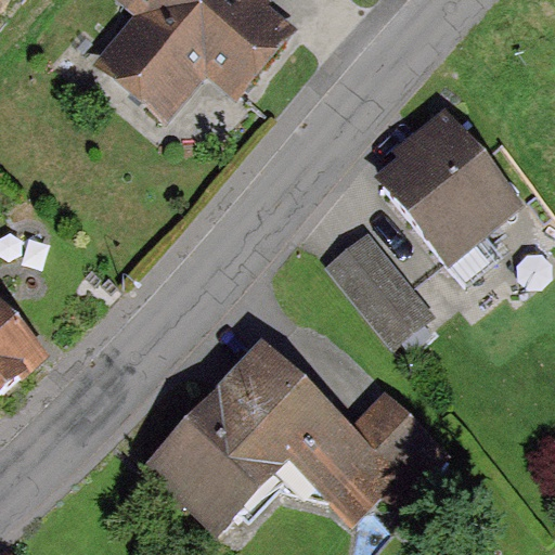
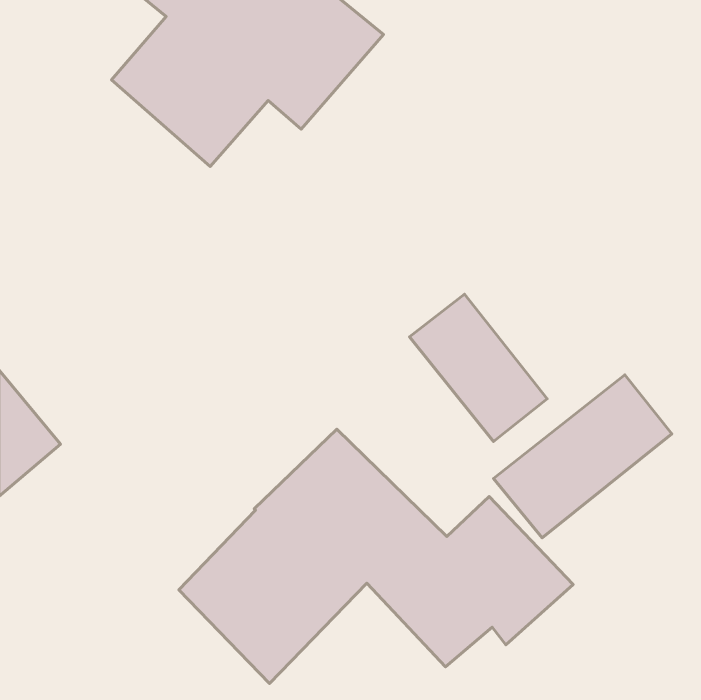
building: [374,103,521,262] -> none
building: none -> [494,375,672,538]

